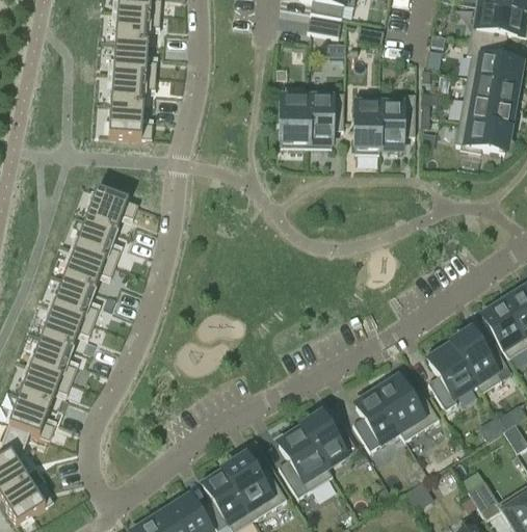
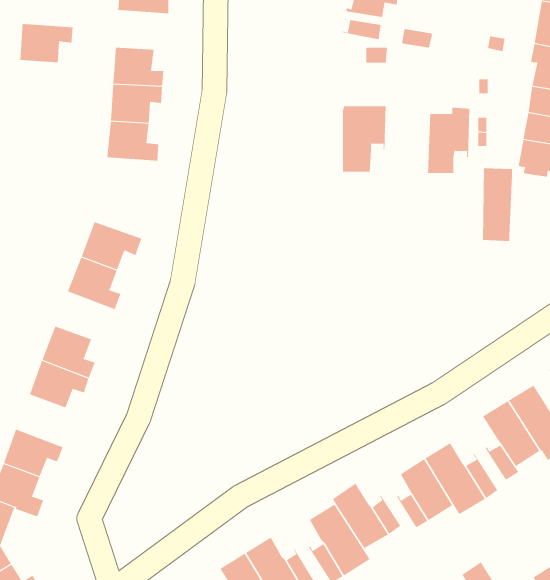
building: [114,10,160,44] -> [19,23,73,63]
building: [354,91,380,154] -> [482,168,513,241]
building: [280,96,307,148] -> none
building: [63,248,114,289] -> none
building: [30,336,76,380] -> none

